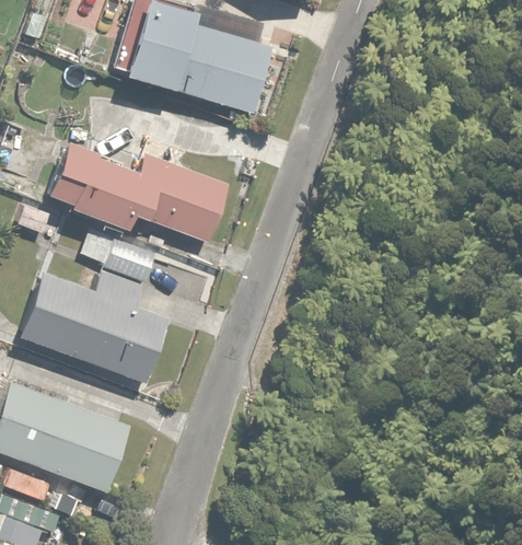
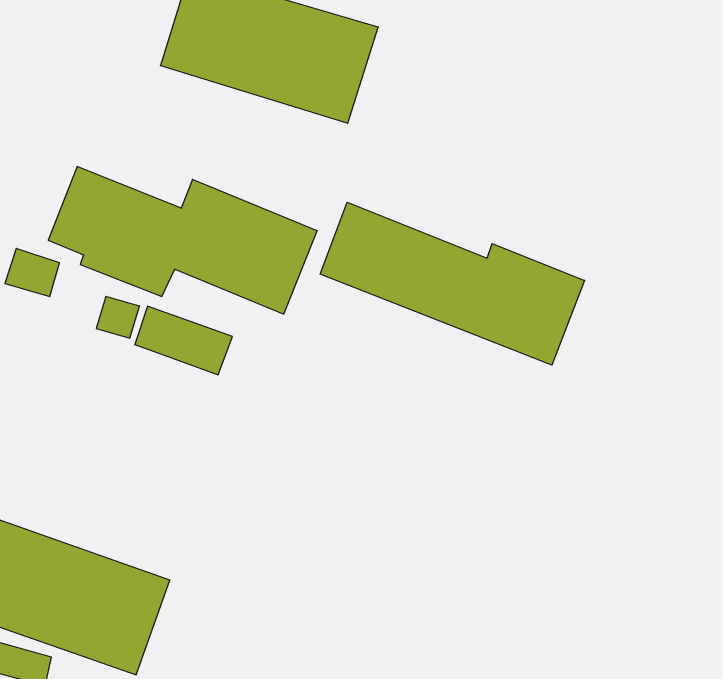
building: none -> [320,202,585,365]
building: [19,270,174,382] -> none

